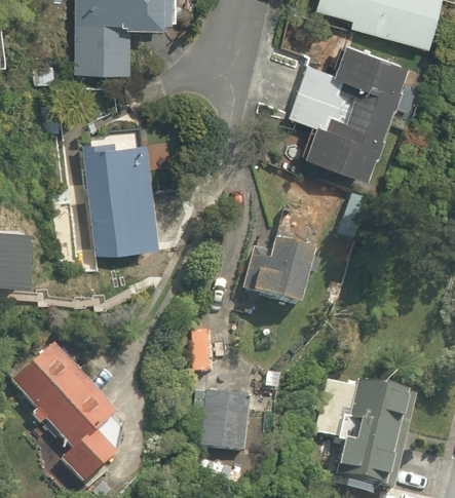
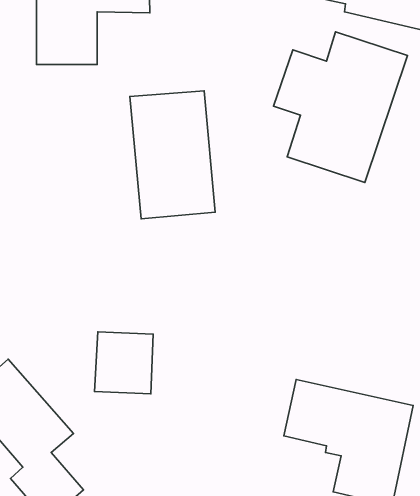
building: [80,142,158,259] -> [130,91,215,219]
building: [240,235,318,303] -> none
building: [194,392,248,449] -> [95,332,153,394]

